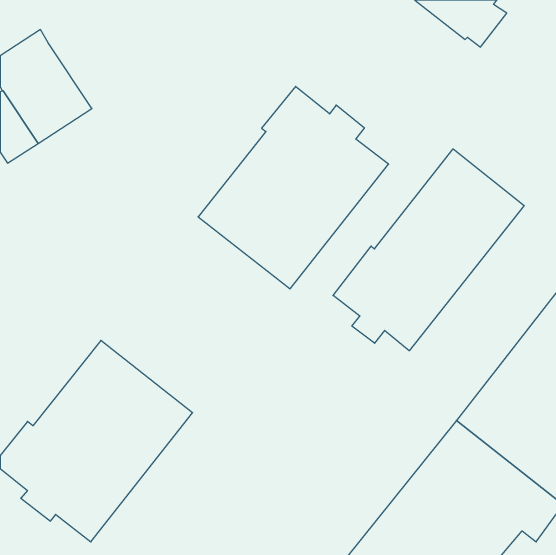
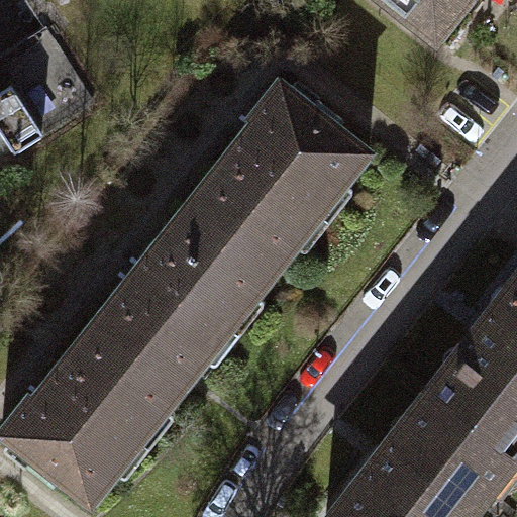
building: [333,149,524,351] -> none
building: none -> [96,204,271,385]

